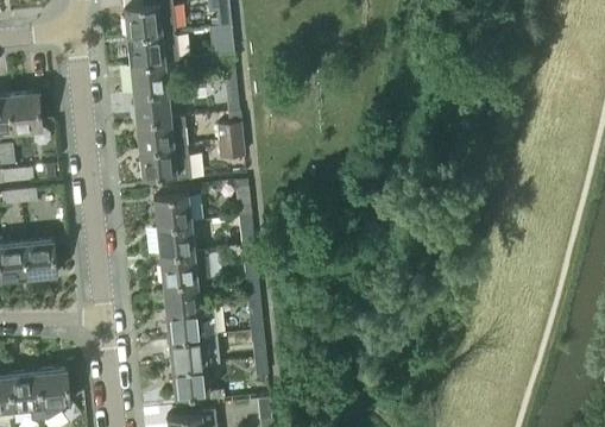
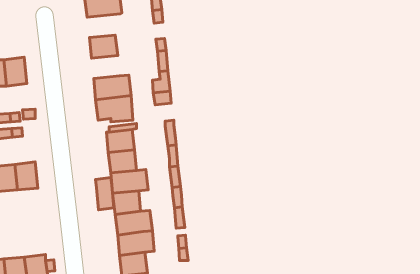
building: [126,32,178,65] -> none
building: [132,89,184,123] -> none
building: none -> [96,177,114,210]

